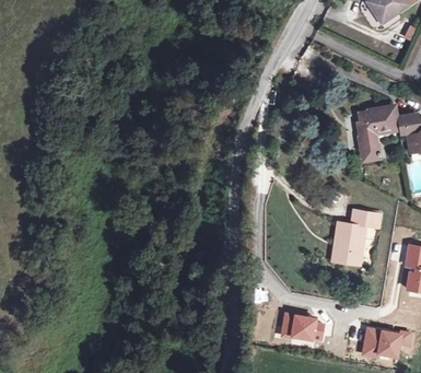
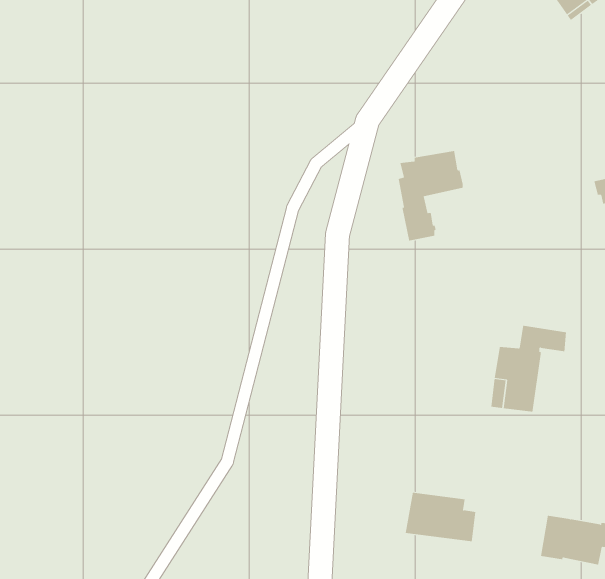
building: [358,108,398,164] -> [398,150,464,241]

